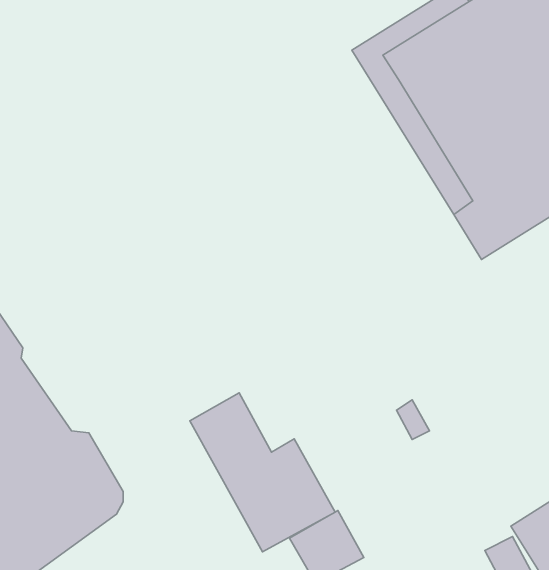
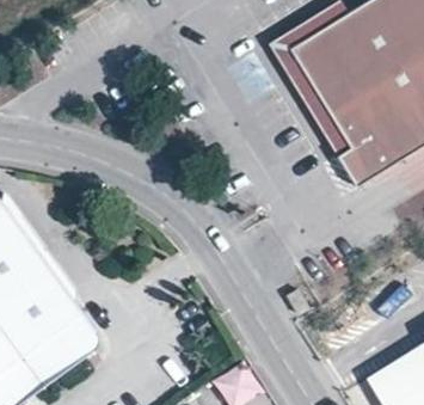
building: [190,393,335,552] -> none

